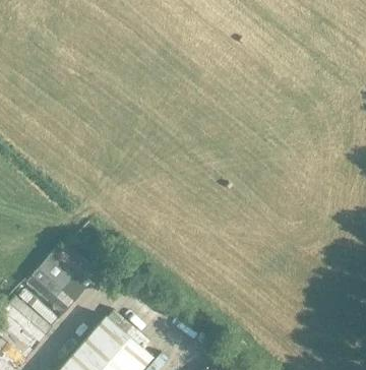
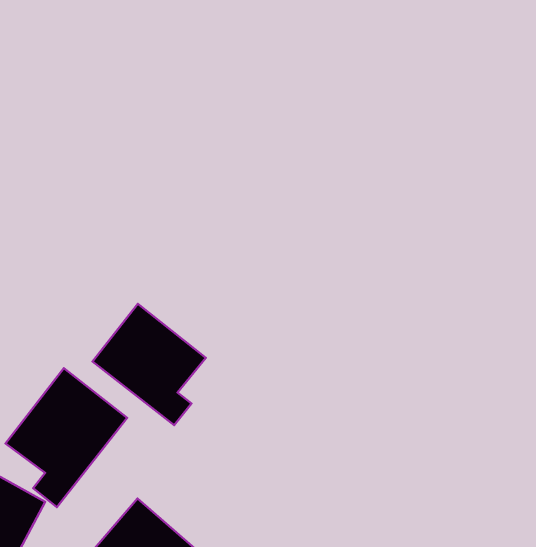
building: none -> [92,304,206,425]

